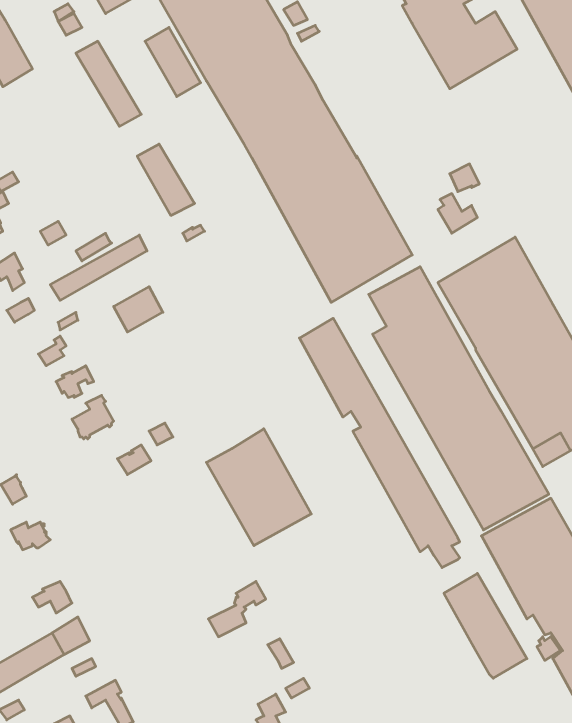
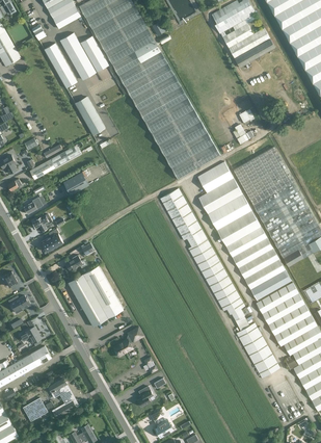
building: none -> [59,32,96,80]
building: [206,429,311,546] -> [68,264,123,325]

